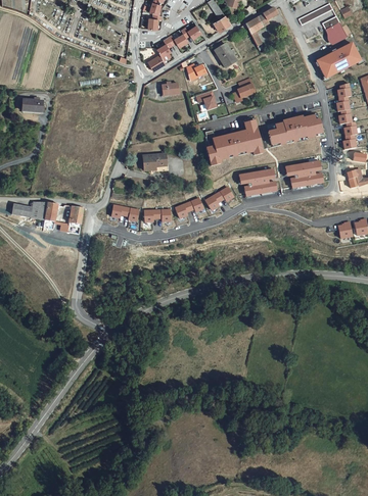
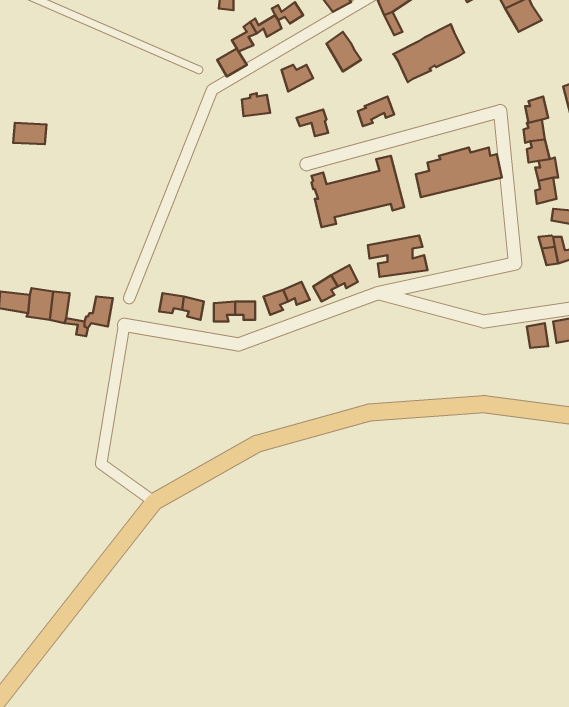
building: [316,42,360,78] -> [393,24,464,82]
building: [140,152,167,170] -> none
building: [287,160,323,186] -> none

